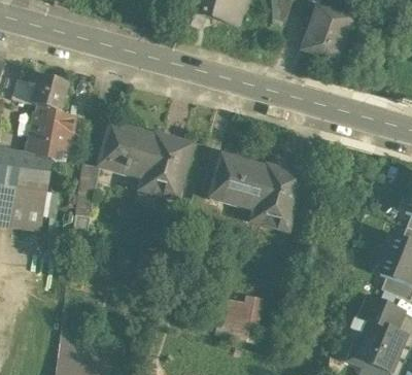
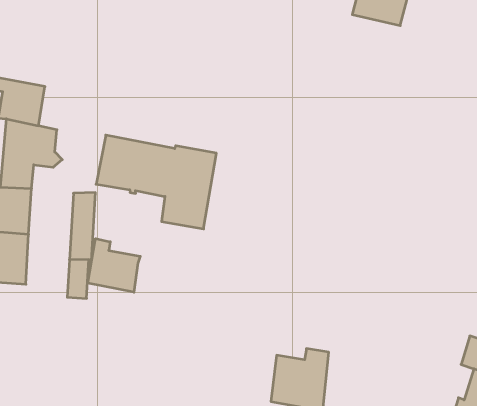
building: [211,155,302,229] -> none
building: none -> [88,239,140,292]

